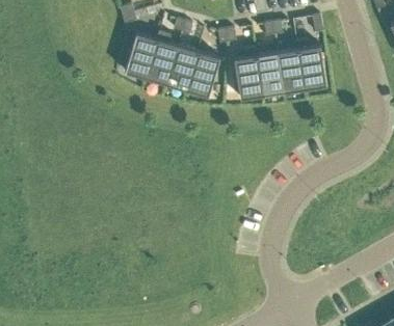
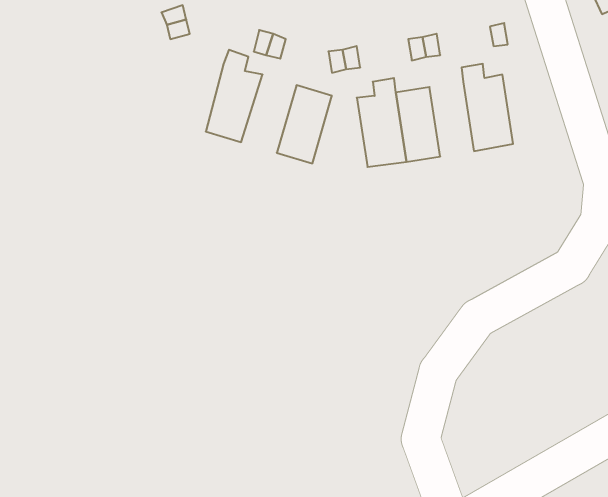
building: [125,32,156,78] -> none
building: [166,45,199,90] -> none
building: [277,49,303,92] -> none

